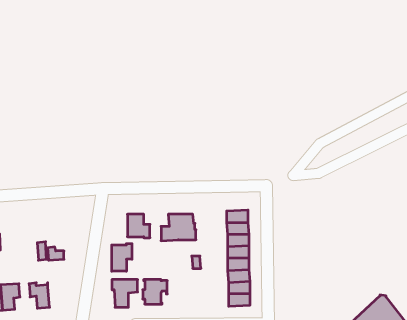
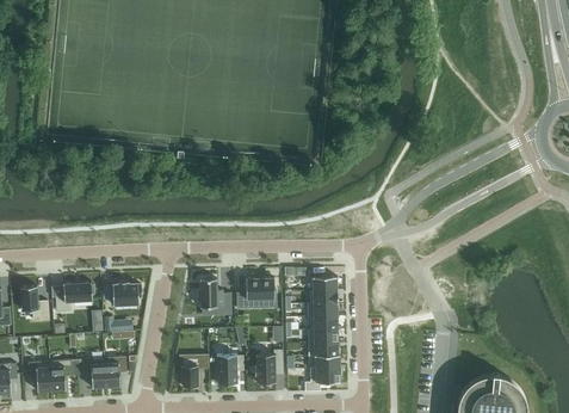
building: none -> [112,282,142,301]
building: none -> [55,283,94,312]
building: [112,244,132,271] -> none
building: none -> [254,350,283,383]
building: none -> [104,356,126,387]

